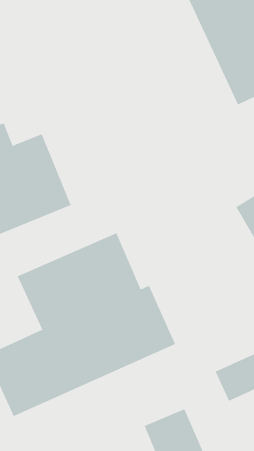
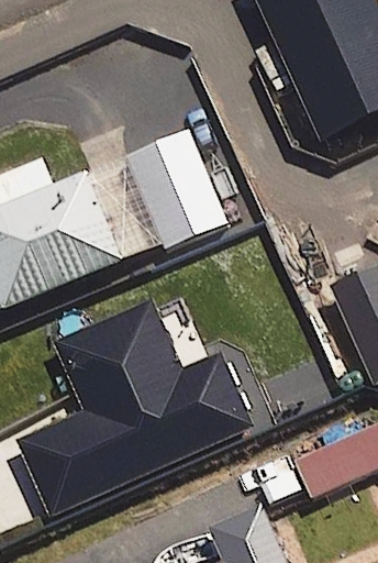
building: none -> [120,130,224,252]

